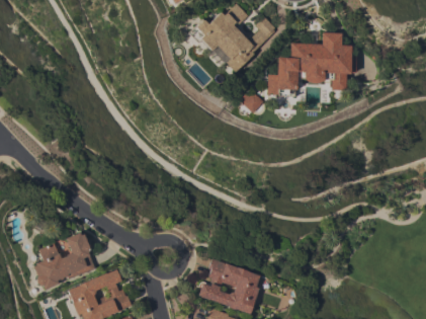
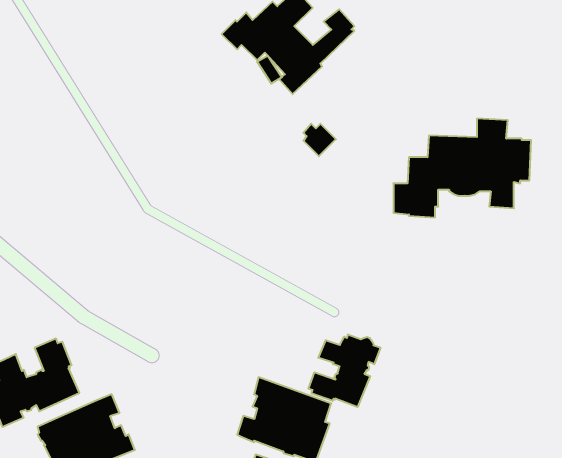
building: [267,31,357,96] -> [393,119,531,217]
building: none -> [308,334,380,407]

